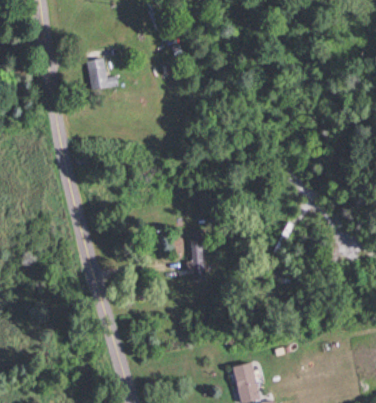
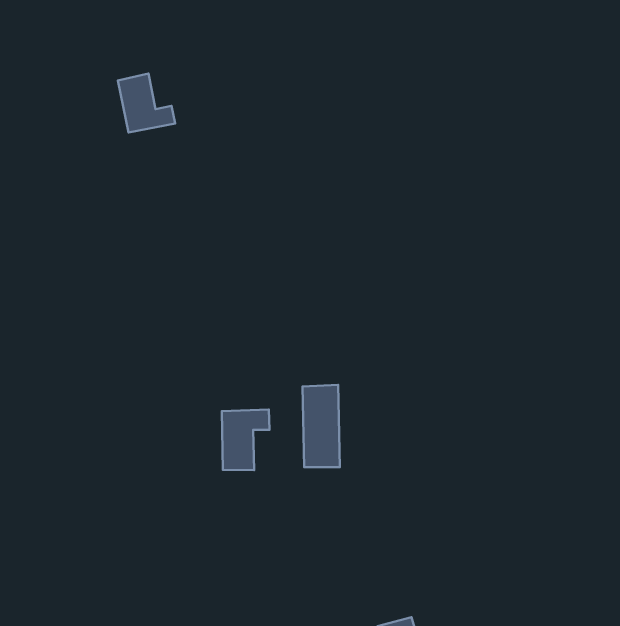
building: none -> [222,409,270,470]

